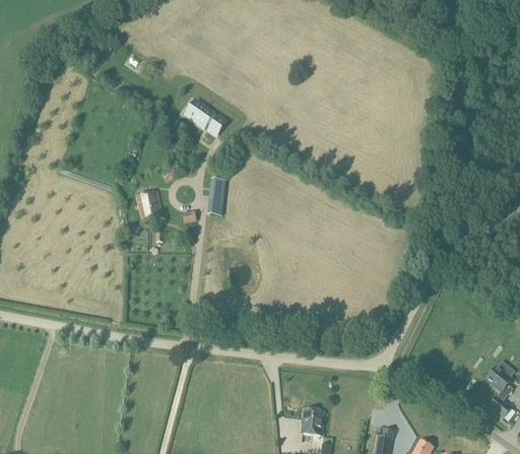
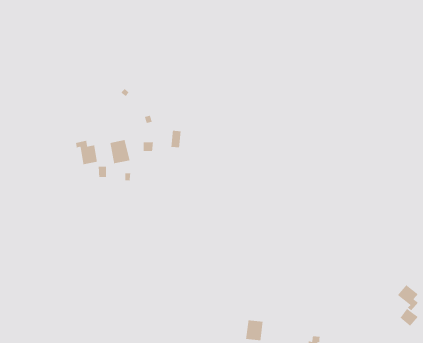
building: [187,101,225,135] -> none
building: none -> [75,140,98,165]

